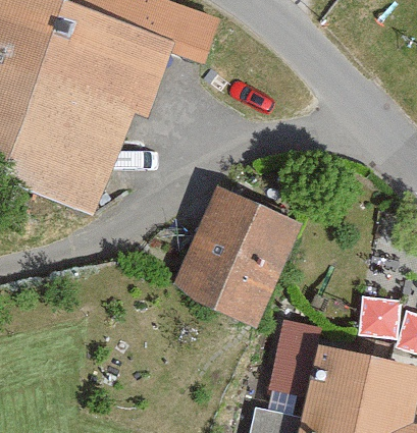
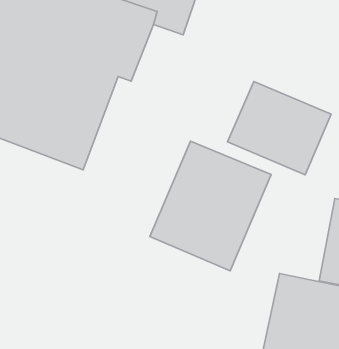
building: none -> [227,81,331,175]

